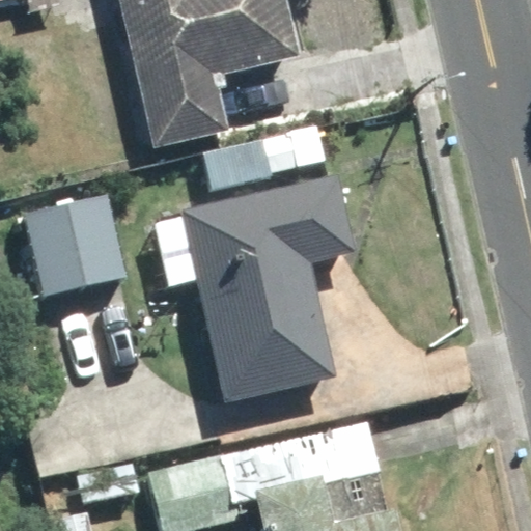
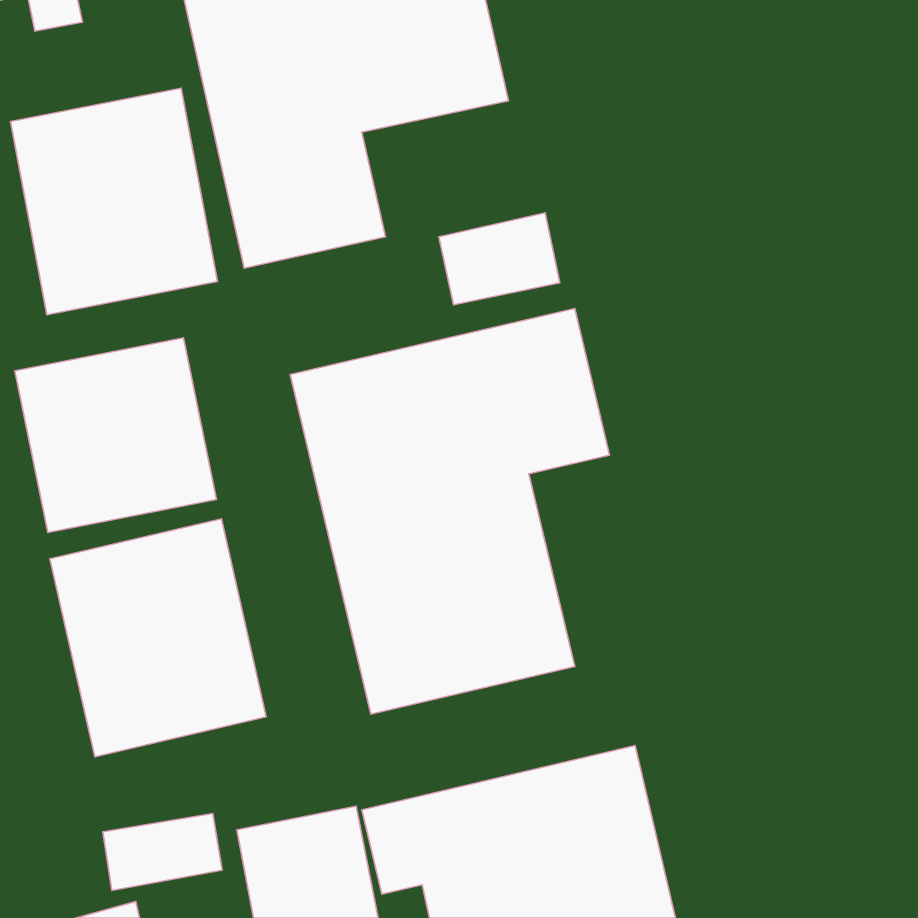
building: none -> [11,88,217,315]
building: none -> [50,519,266,757]

